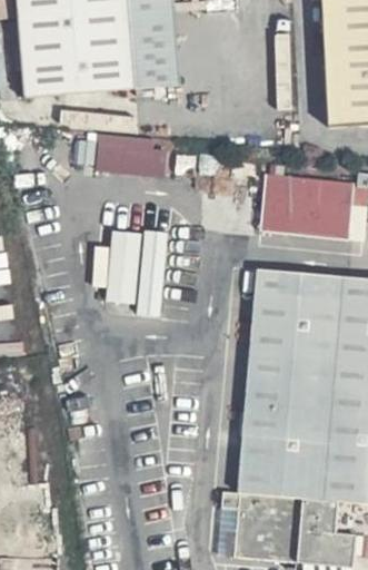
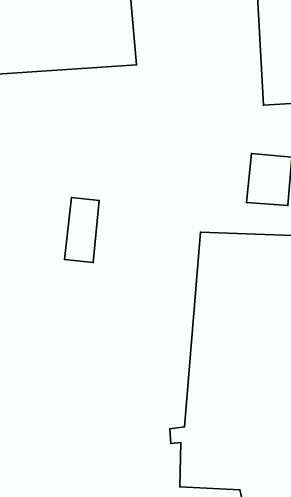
building: [97,132,169,178] -> none
building: [265,176,315,235] -> none
building: [133,229,169,322] -> none

